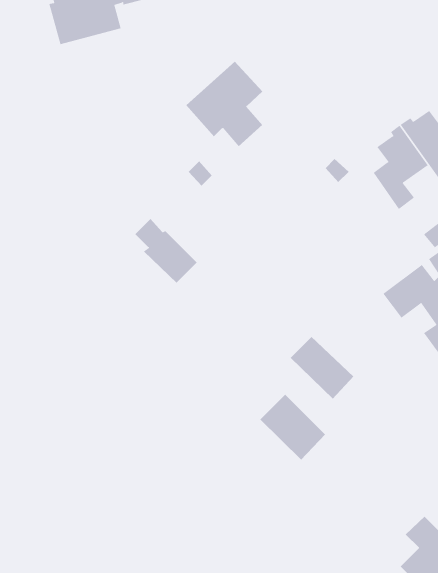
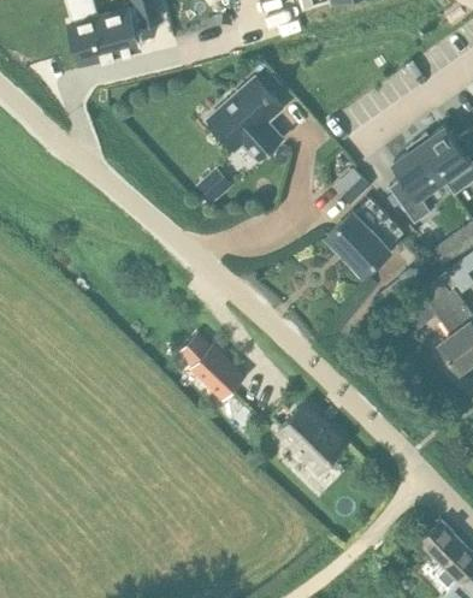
building: none -> [325,200,402,277]
building: [135,218,197,284] -> [182,333,243,397]
building: [290,336,354,399] -> none

